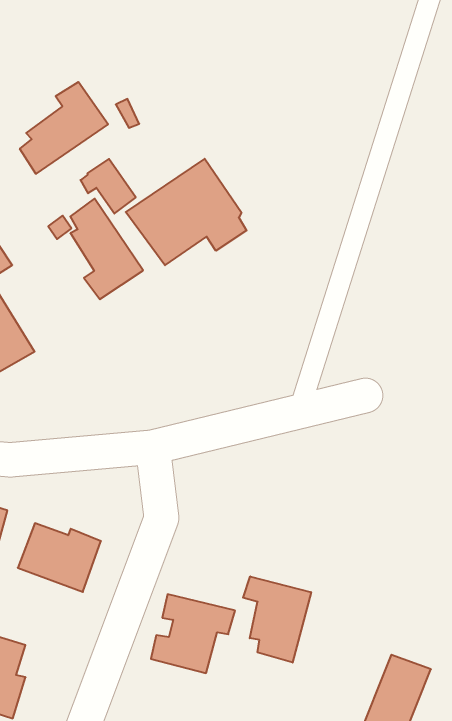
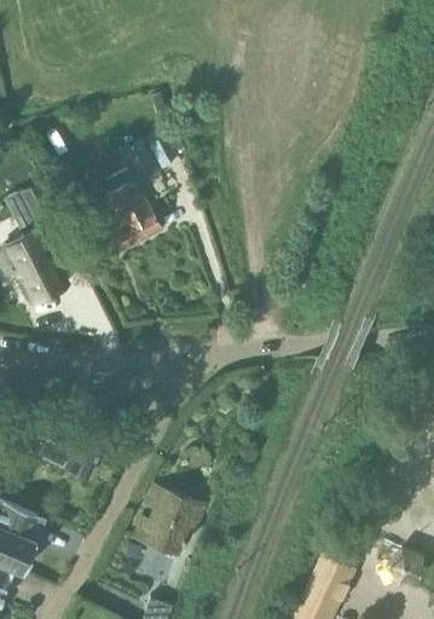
building: [20,82,108,174] -> none
building: [126,159,247,265] -> none
building: [243,576,311,663] -> none

